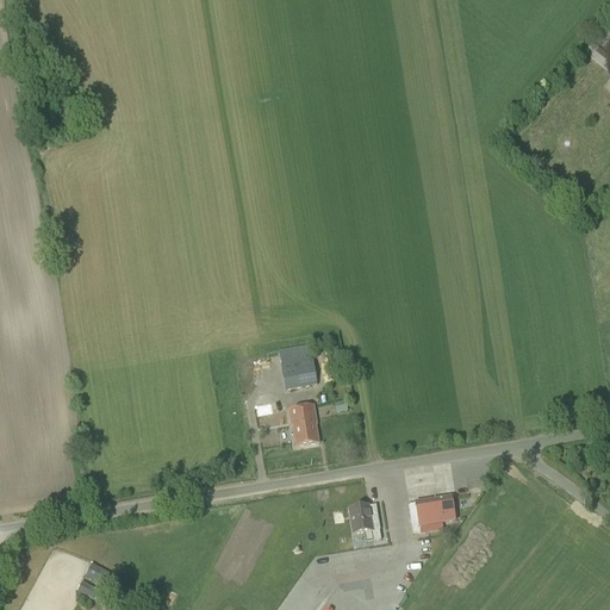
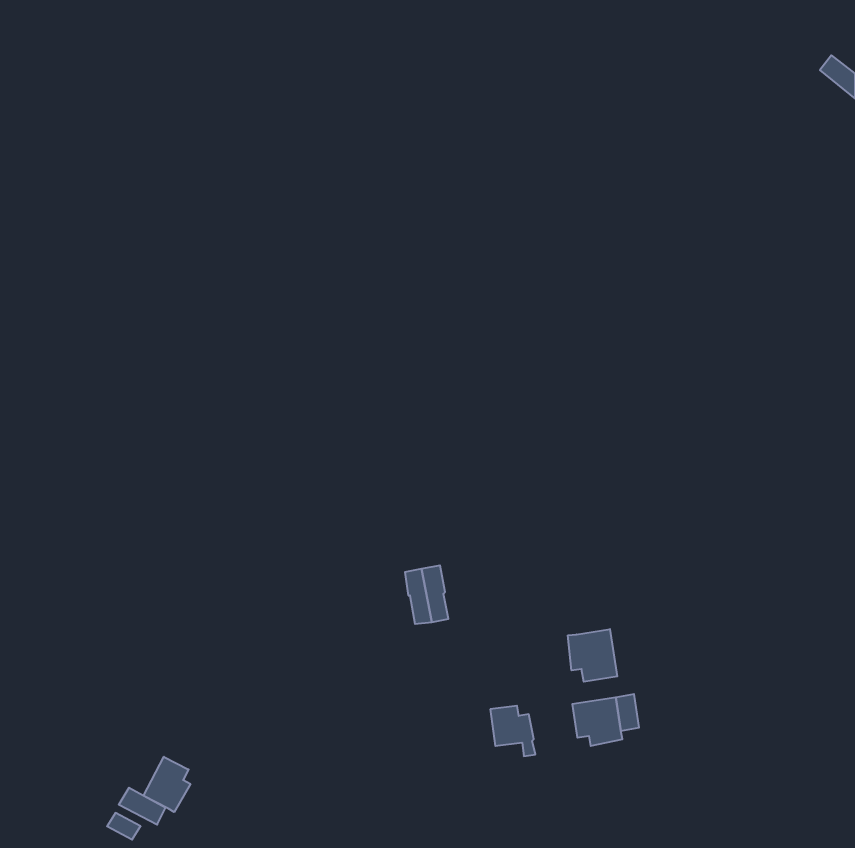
building: [279,348,317,387] -> none
building: none -> [568,629,617,682]
building: none -> [144,757,190,812]

